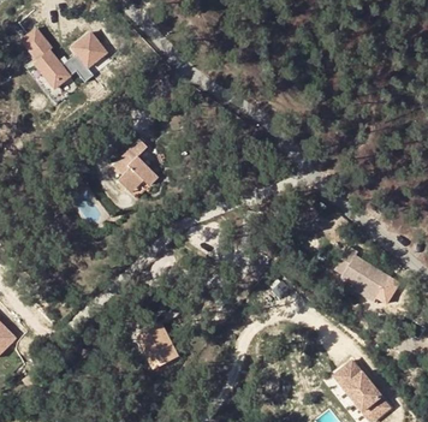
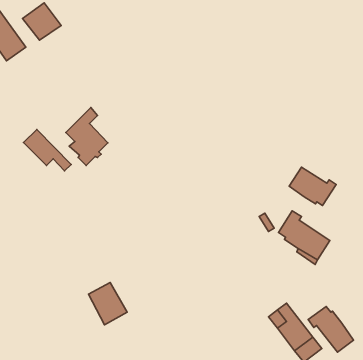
building: none -> [24,129,71,171]
building: none -> [289,167,336,205]
building: none -> [308,306,354,352]

